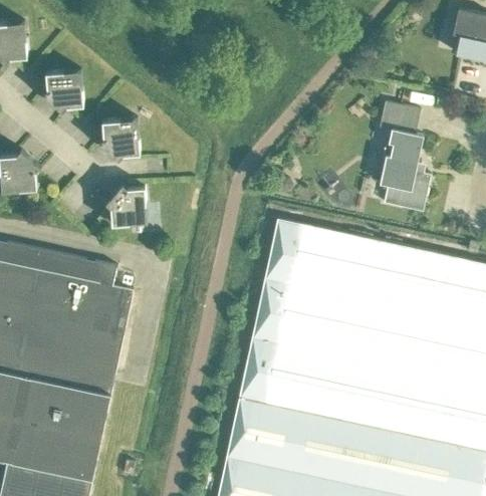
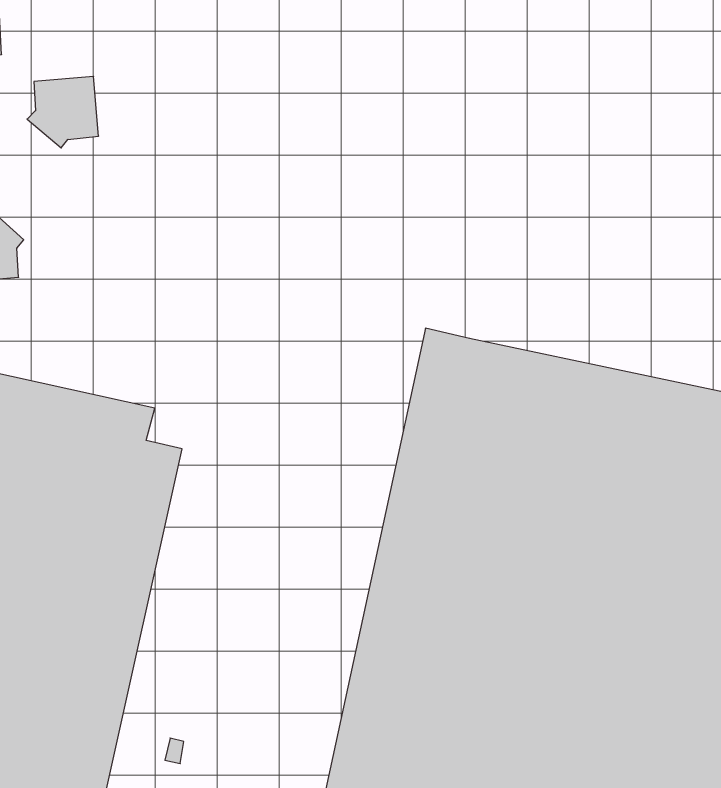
building: [380,102,431,212] -> none
building: [99,118,141,161] -> none
building: [105,184,148,225] -> none

